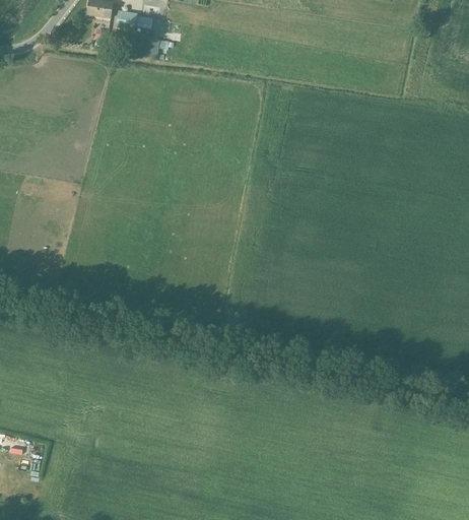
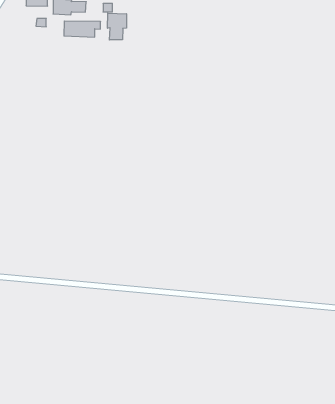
building: none -> [108,13,126,40]

